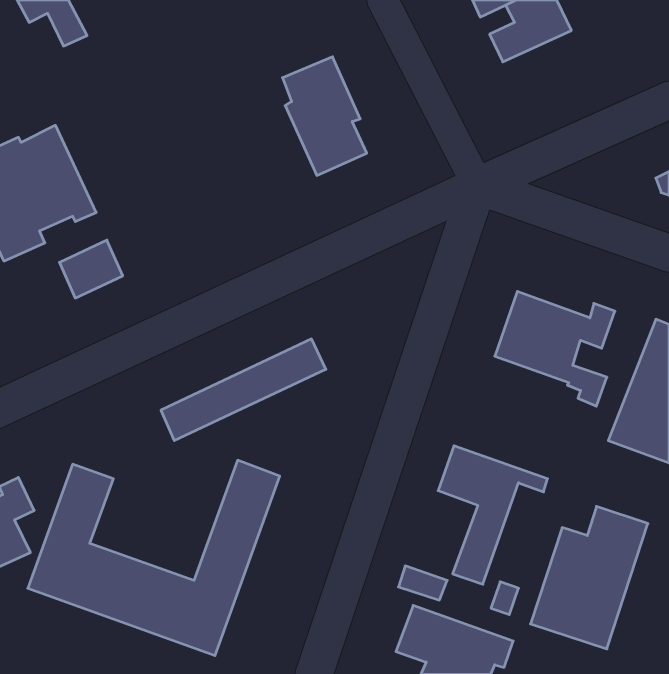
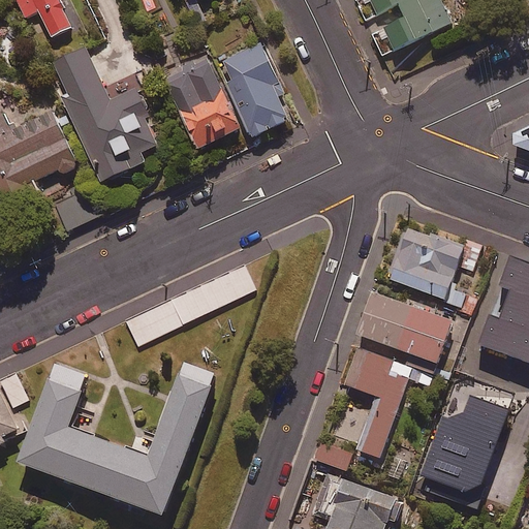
building: none -> [52,49,156,182]
building: none -> [160,54,239,149]
building: none -> [356,293,450,364]

